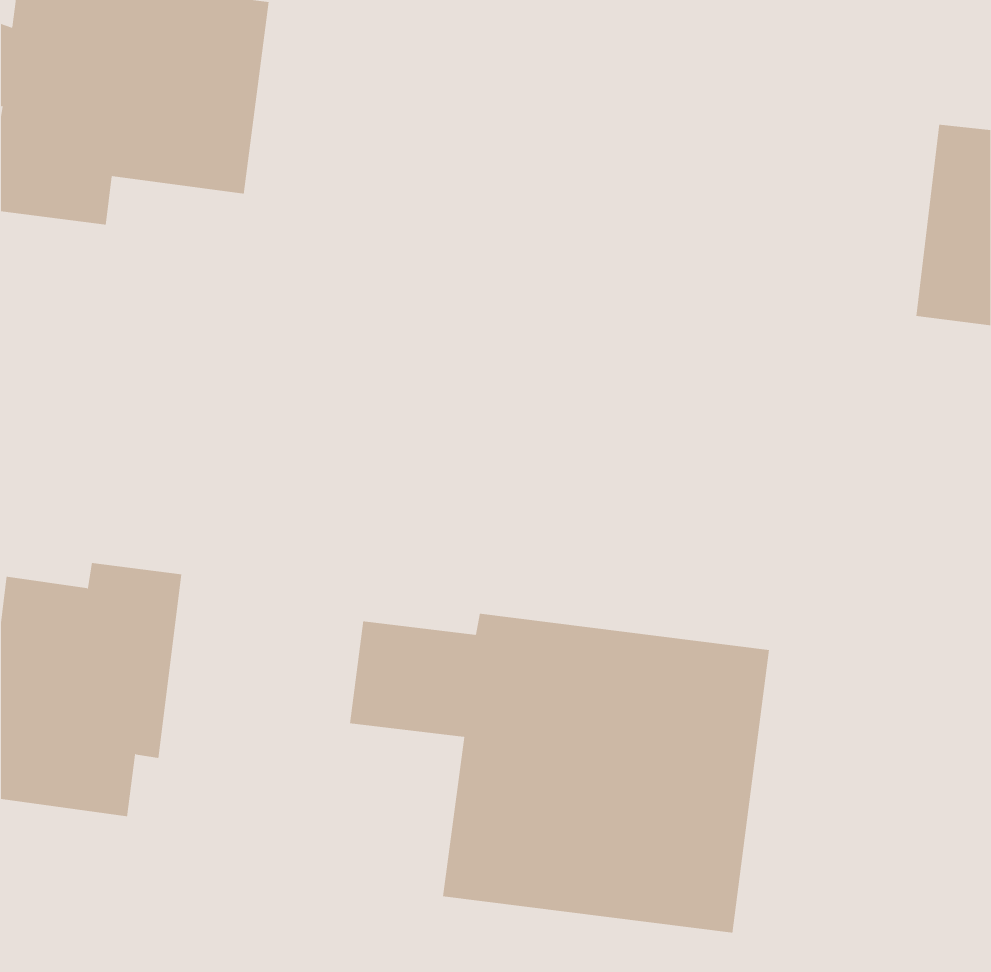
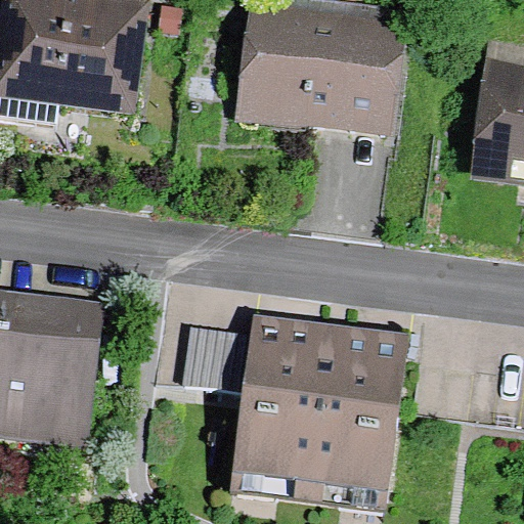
building: none -> [247,7,397,128]

